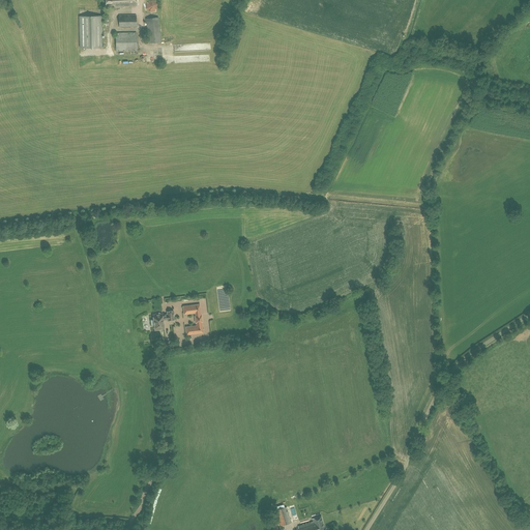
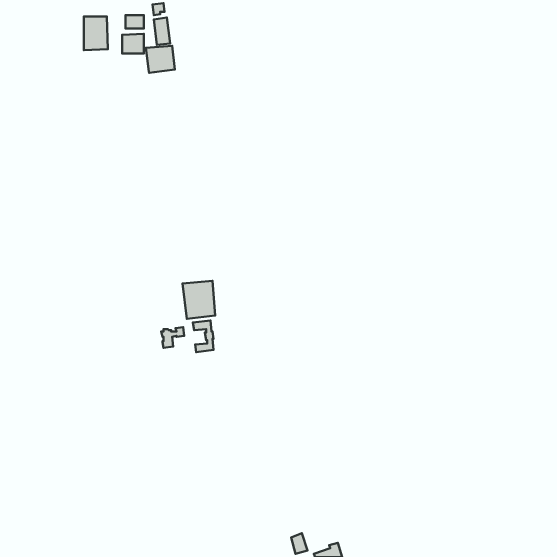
building: none -> [146,46,175,73]
building: none -> [182,281,215,319]

